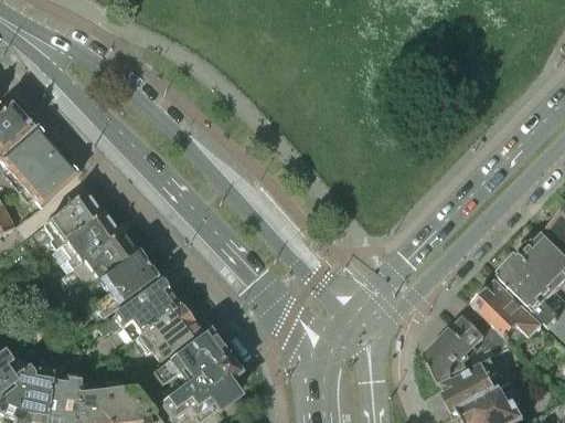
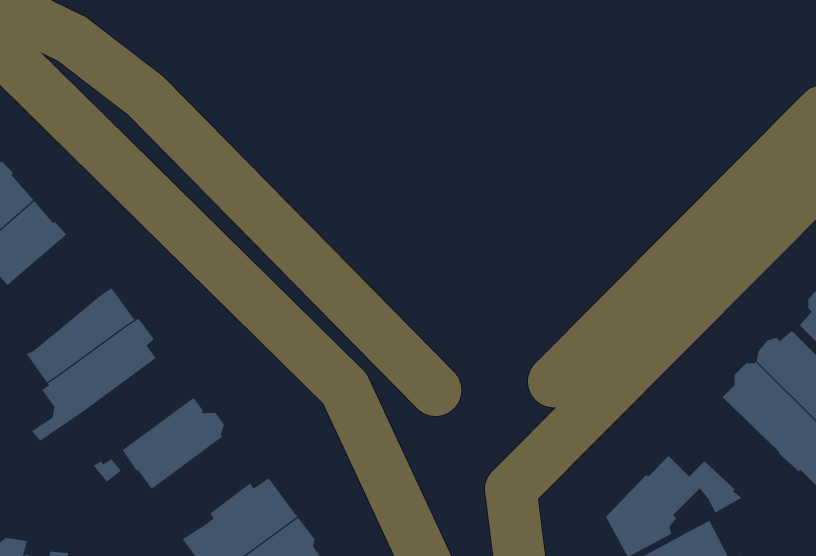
building: [43,187,99,247] -> none
building: [87,251,153,316] -> none
building: [473,281,548,346] -> none
building: [135,303,199,359] -> none

